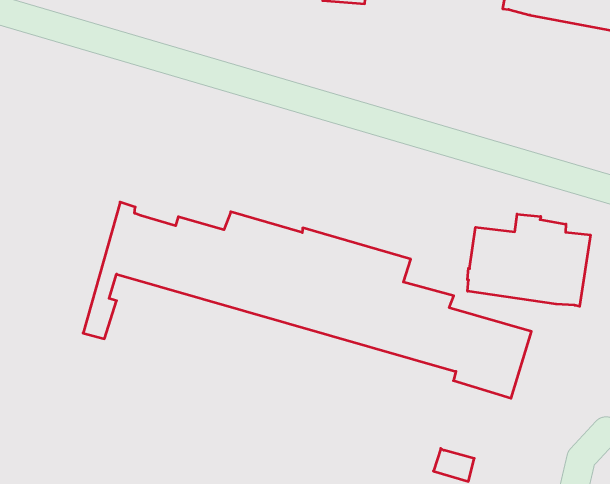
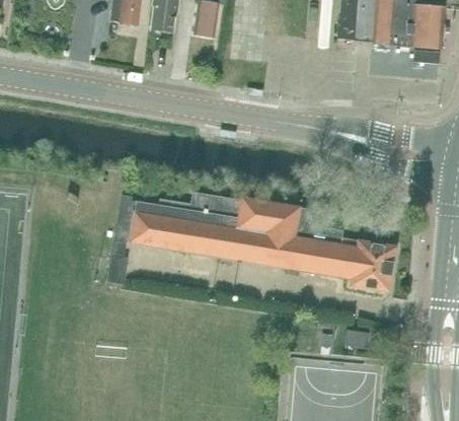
building: [467,214,590,306] -> none

